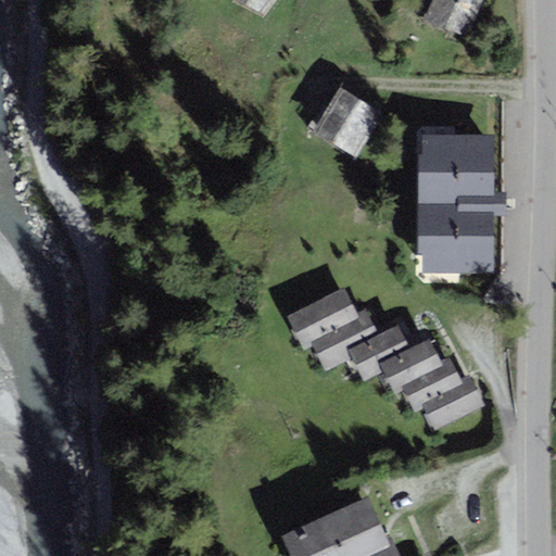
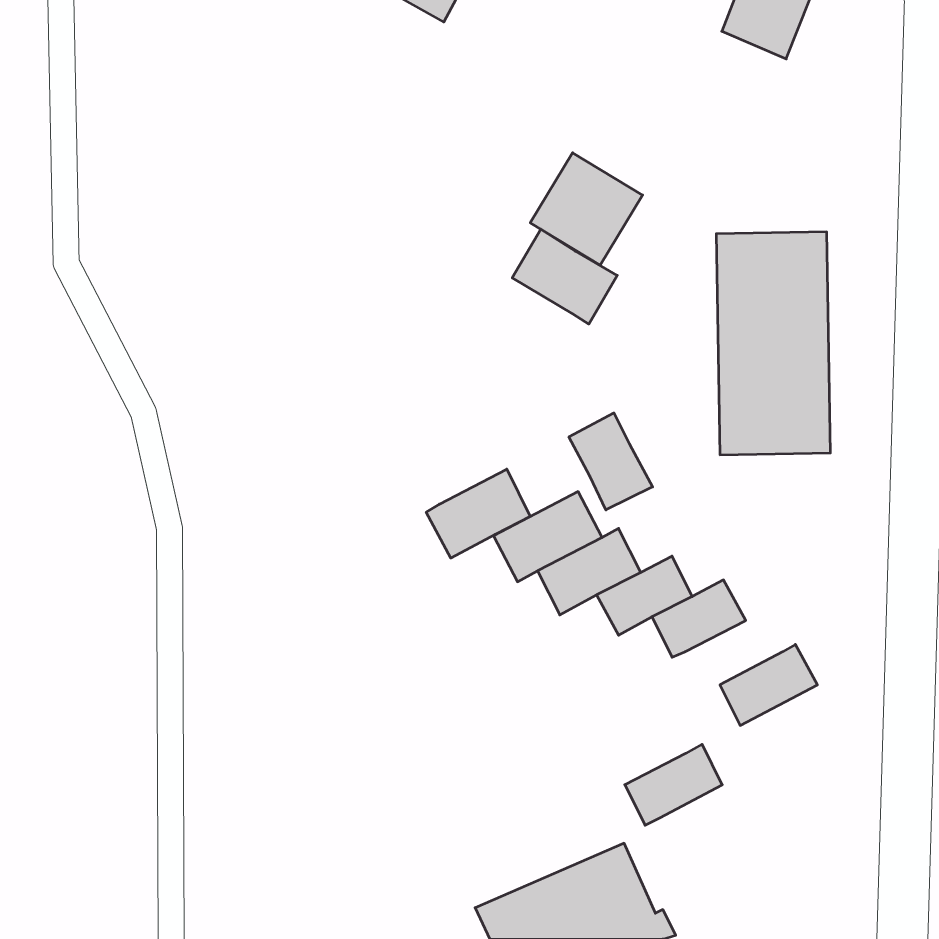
building: none -> [512,229,617,324]
building: none -> [569,413,653,510]
building: none -> [426,469,530,558]
building: [404,361,462,408] -> [625,744,722,825]

